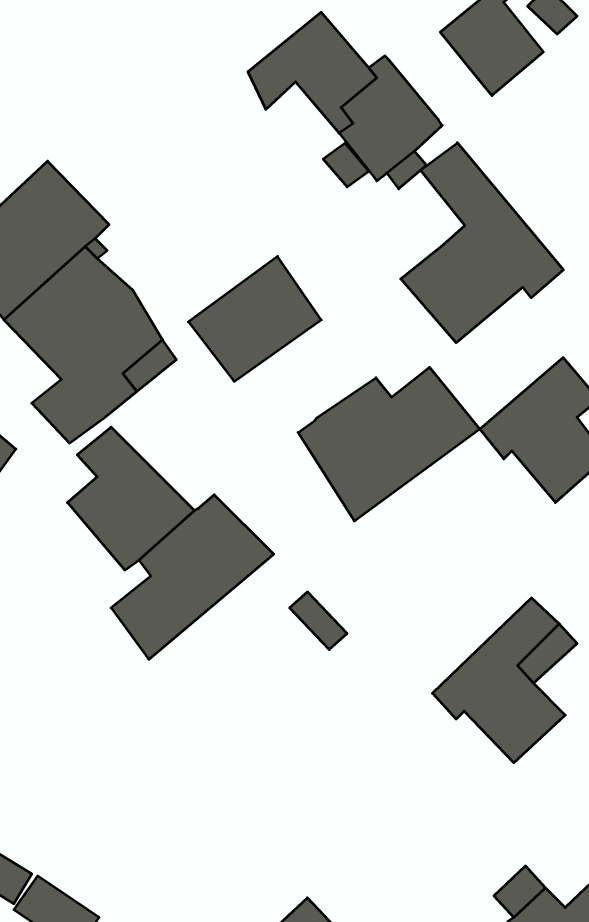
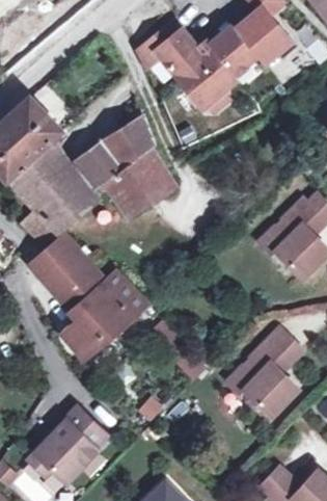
building: none -> [207,25,255,76]
building: [401,143,563,343] -> none
building: none -> [76,109,153,188]
building: [298,367,480,521] -> none
building: none -> [34,406,105,480]

